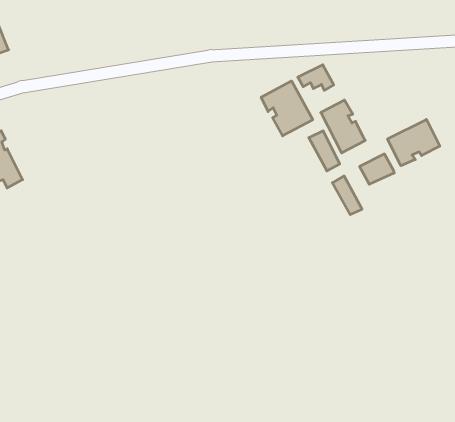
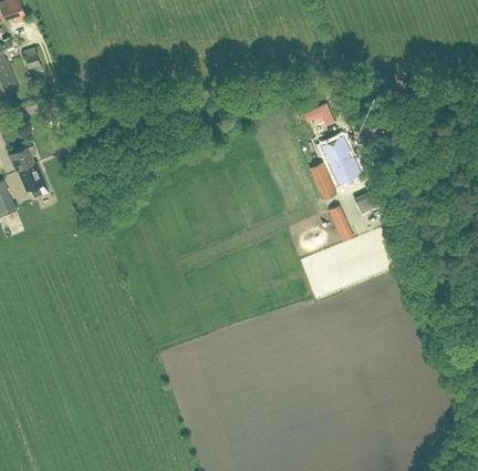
building: [261,81,313,136] -> none
building: [388,119,440,166] -> none

